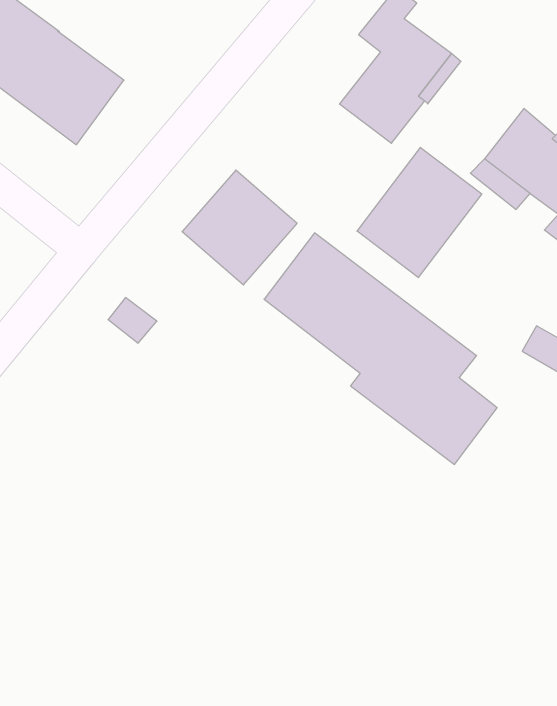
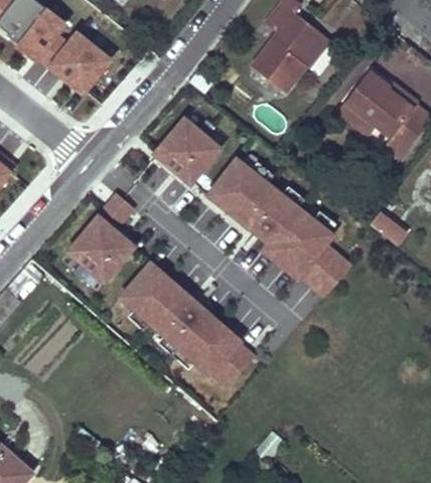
building: [357,147,482,278] -> none
building: none -> [62,209,137,285]
building: none -> [115,258,259,389]

